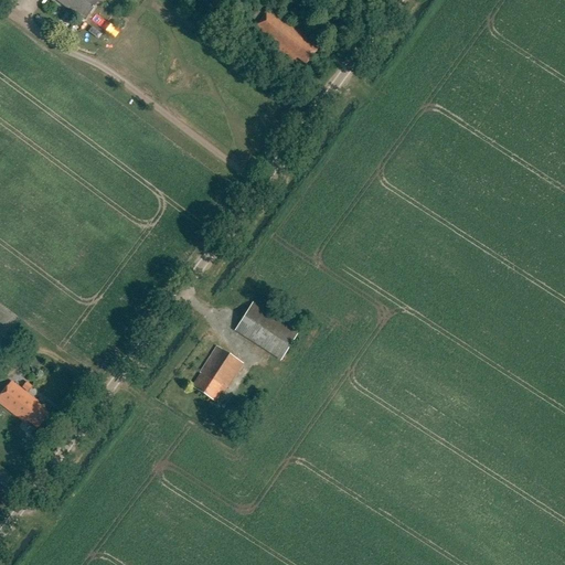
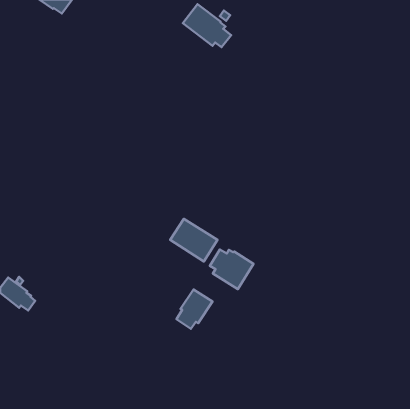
building: none -> [210,249,254,289]
building: [192,345,242,399] -> [177,290,213,329]

